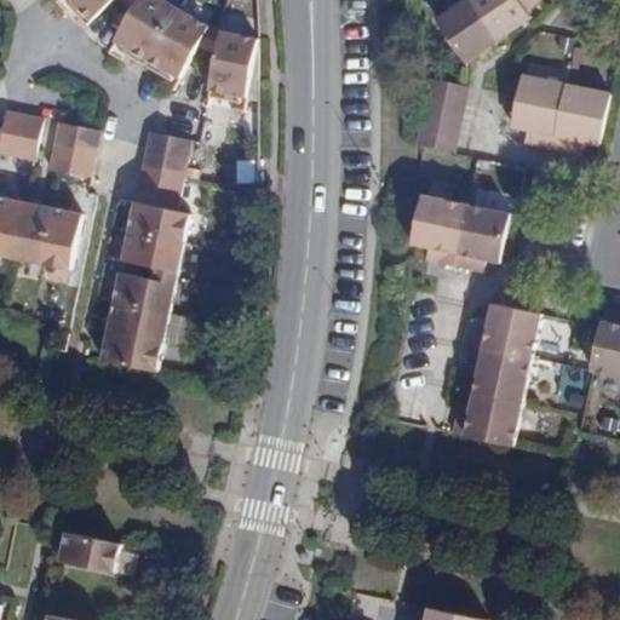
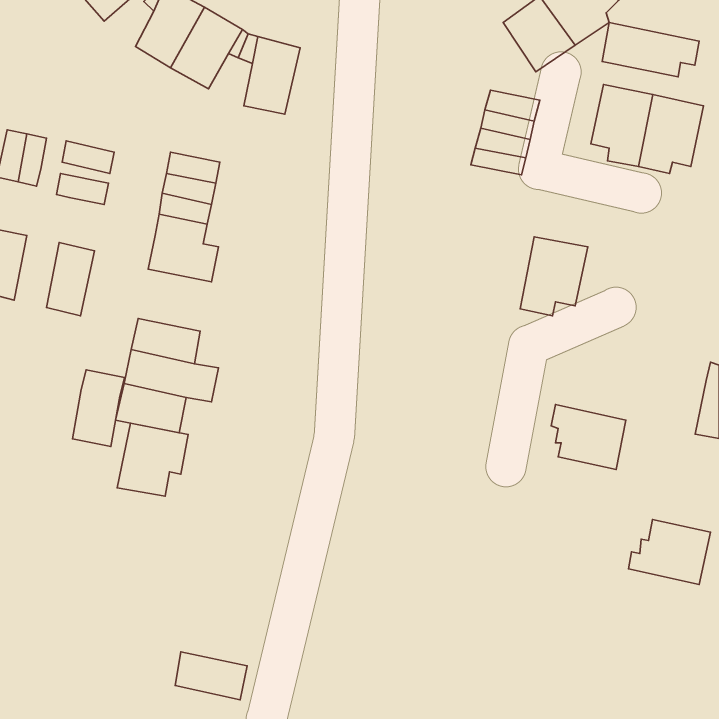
building: none -> [602,23,699,77]
building: [404,194,459,265] -> none
building: [12,202,51,264] -> none
building: [121,231,182,270] -> none
building: [477,306,547,361] -> none
building: none -> [72,370,125,446]
building: none -> [117,423,188,496]
building: [459,392,529,448] -> [629,520,710,584]
building: [63,532,125,573] -> [175,652,247,700]

